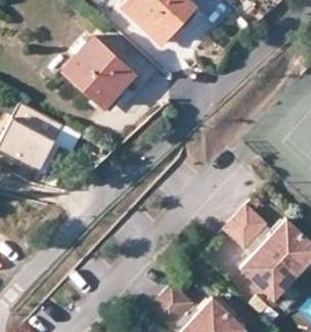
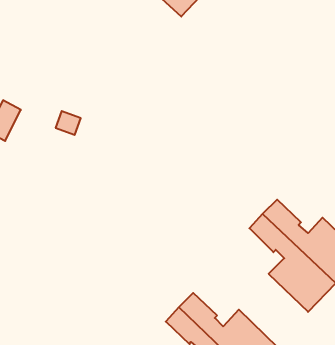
building: [64,41,135,111] -> none
building: [13,126,54,167] -> none

